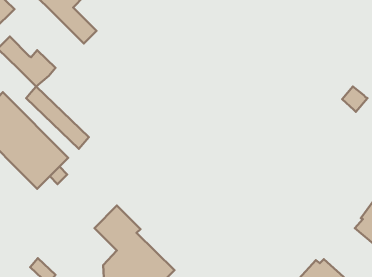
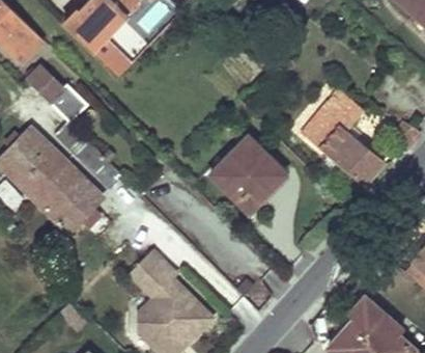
building: none -> [302,89,382,184]
building: none -> [211,136,279,208]

